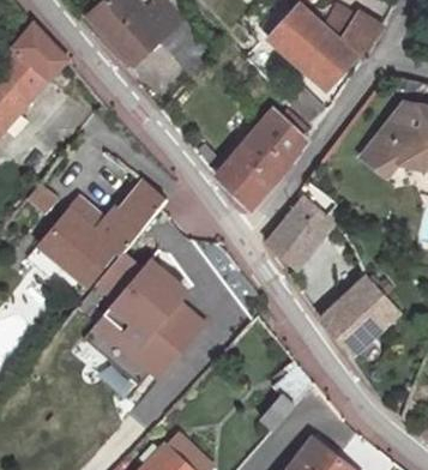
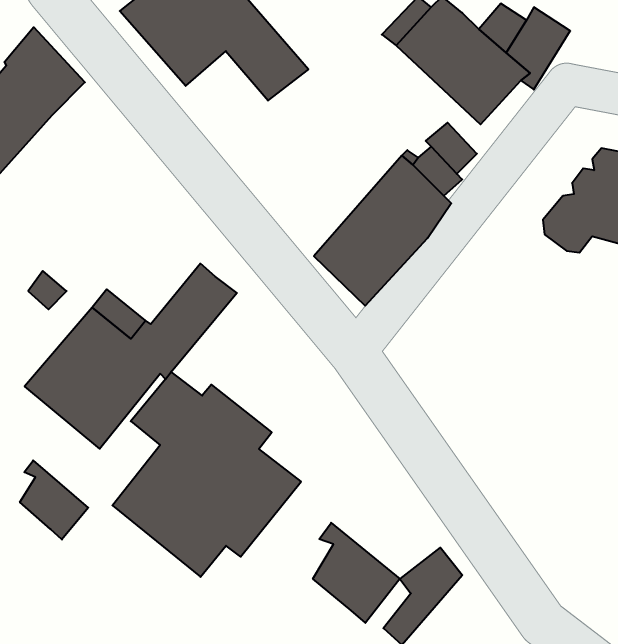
building: [266,198,332,266] -> none
building: [320,277,397,352] -> none
building: none -> [20,460,88,540]
building: none -> [313,523,400,623]

